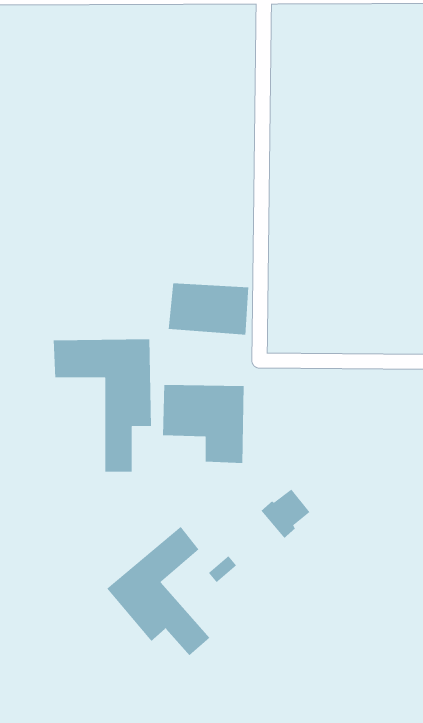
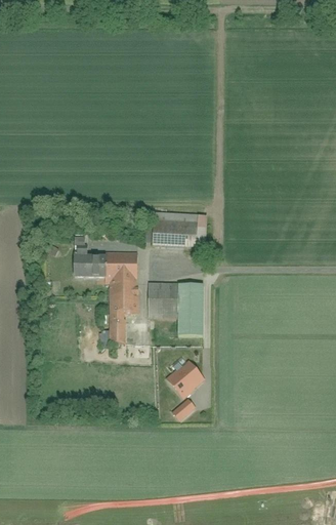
building: [260,489,311,539] -> [172,362,207,397]
building: [106,526,211,656] -> none

